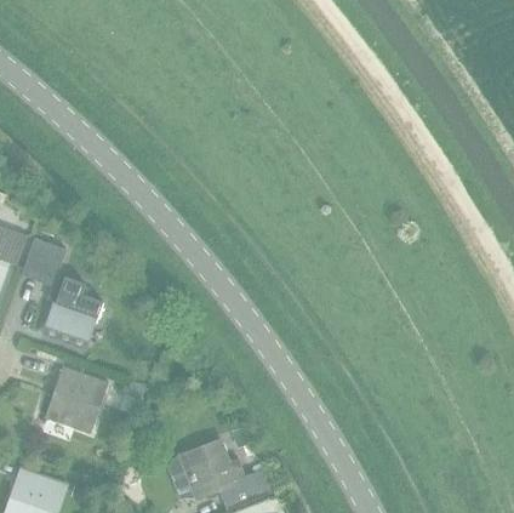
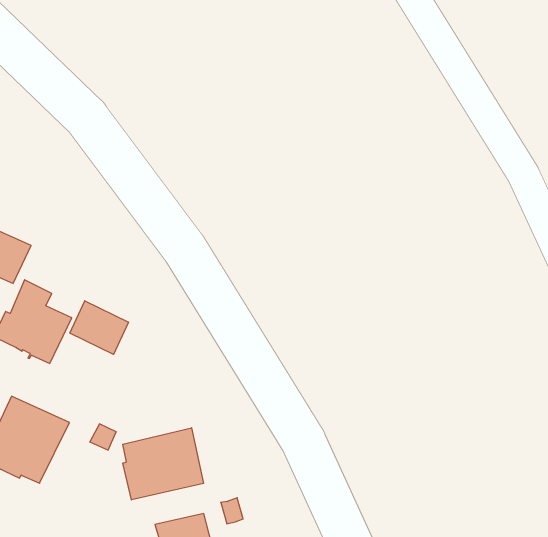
building: none -> [70,301,128,354]
building: none -> [123,428,203,500]

